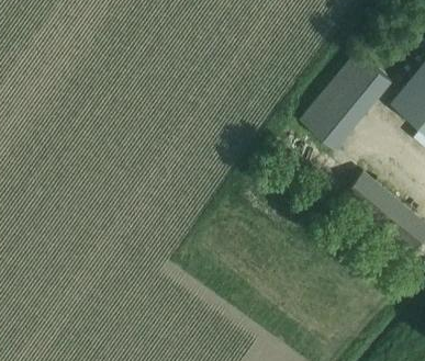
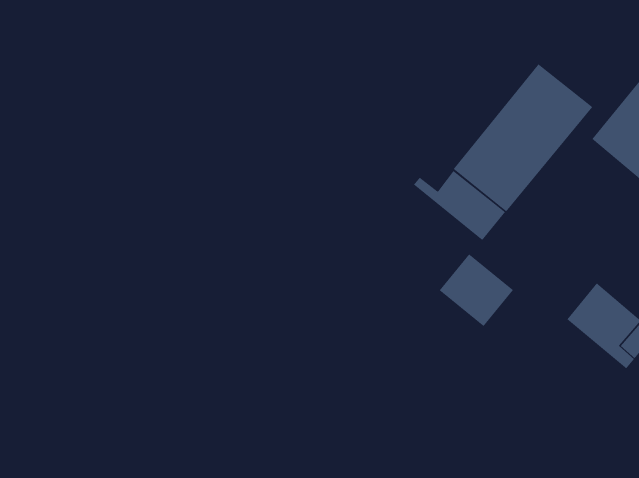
building: none -> [413,170,506,241]
building: [344,173,393,222] -> [439,254,514,327]

